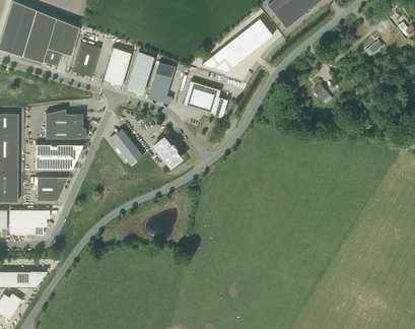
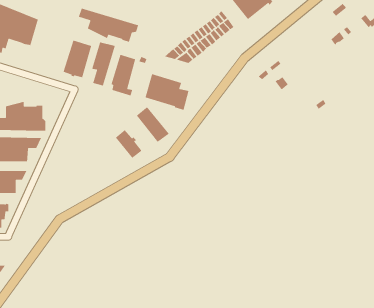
building: none -> [78,8,139,43]
building: [72,43,100,77] -> none
building: [111,129,144,166] -> [136,106,170,143]

